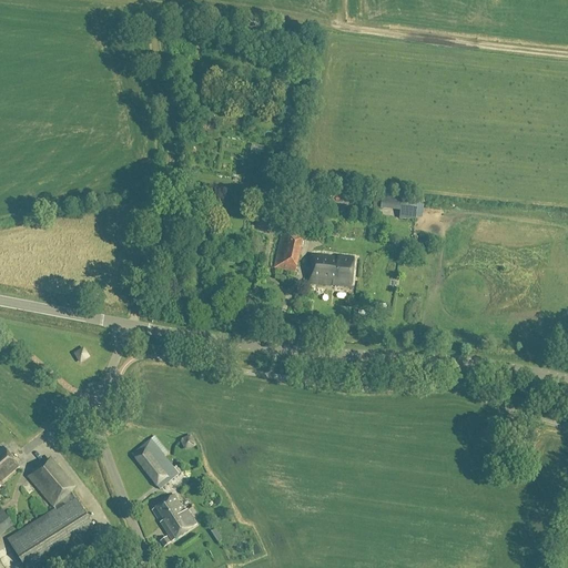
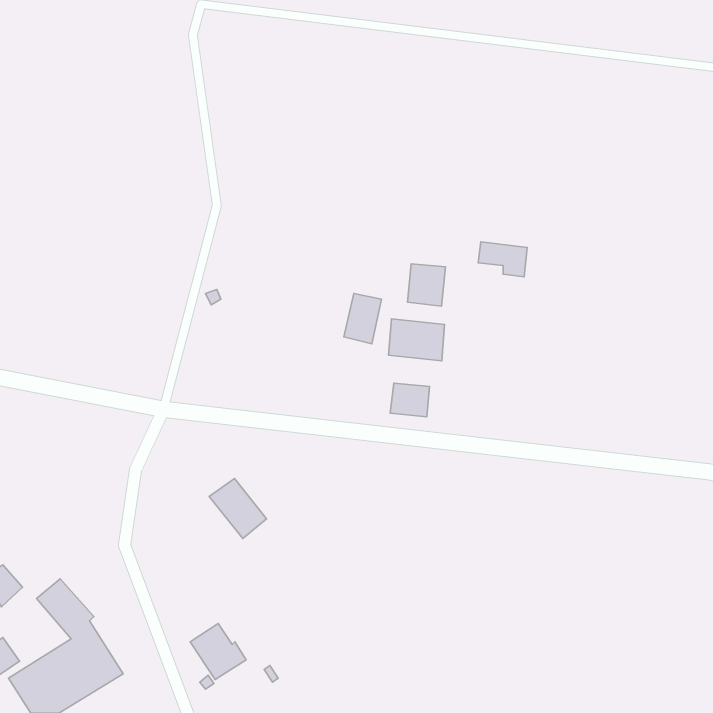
building: none -> [408,264,446,306]
building: none -> [390,383,429,417]
building: [131,439,176,487] -> [209,478,267,539]

